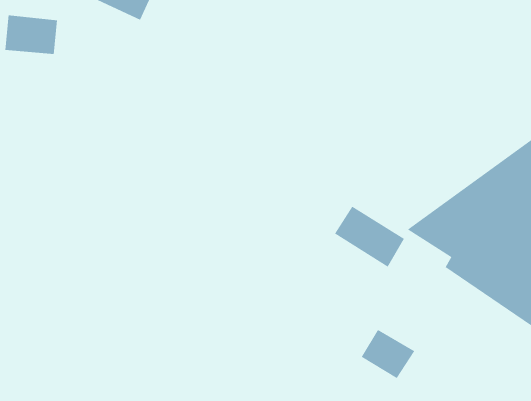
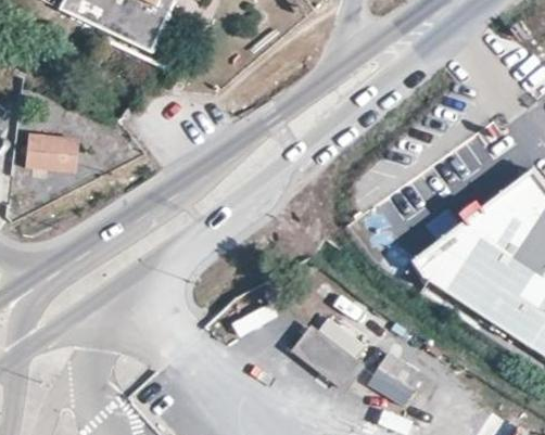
building: [5,15,58,55] -> [25,131,77,170]
building: [334,206,405,268] -> [302,328,371,388]

